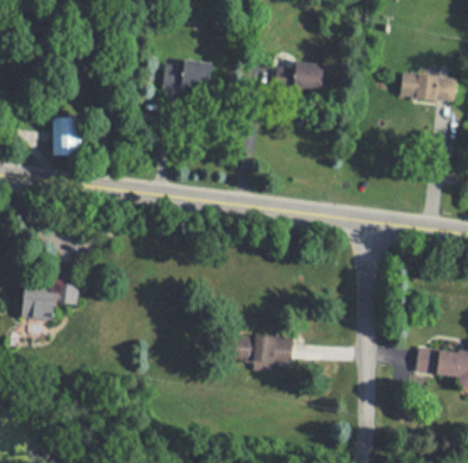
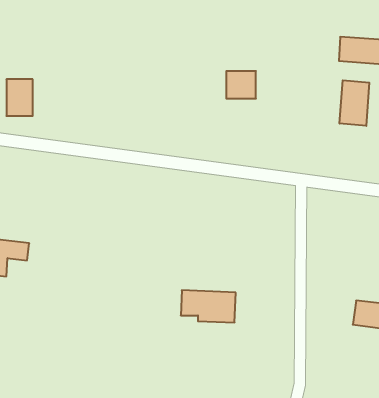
building: [161,60,213,92] -> none
building: [294,62,325,90] -> [226,71,256,99]
building: none -> [340,80,369,126]

